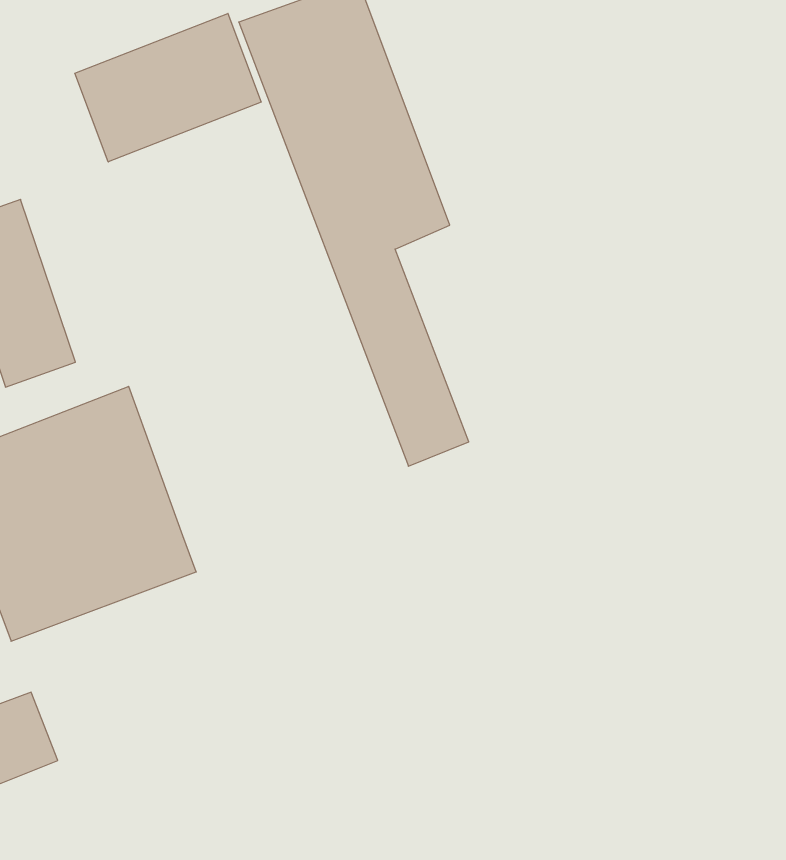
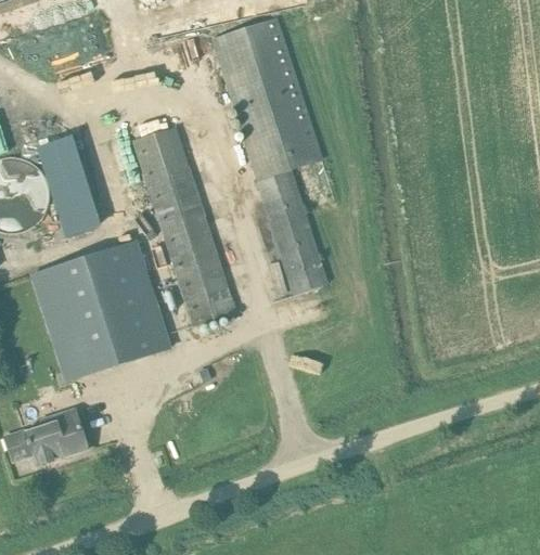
building: [75,13,261,162] -> none
building: none -> [130,125,236,325]

